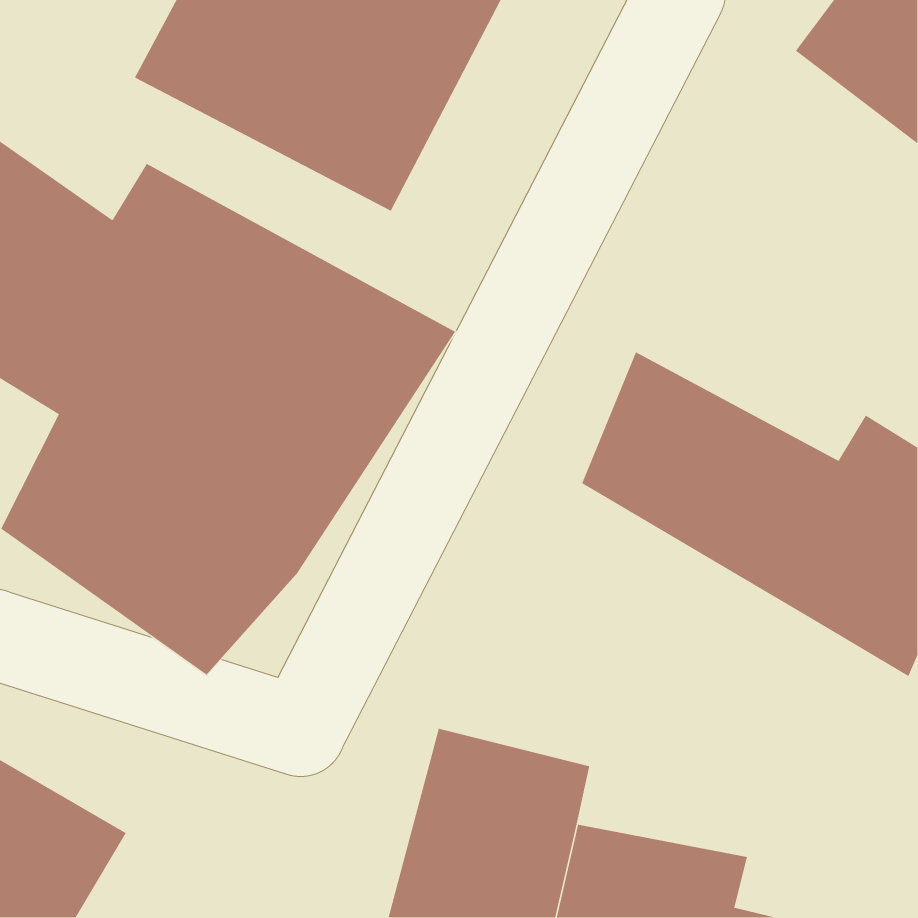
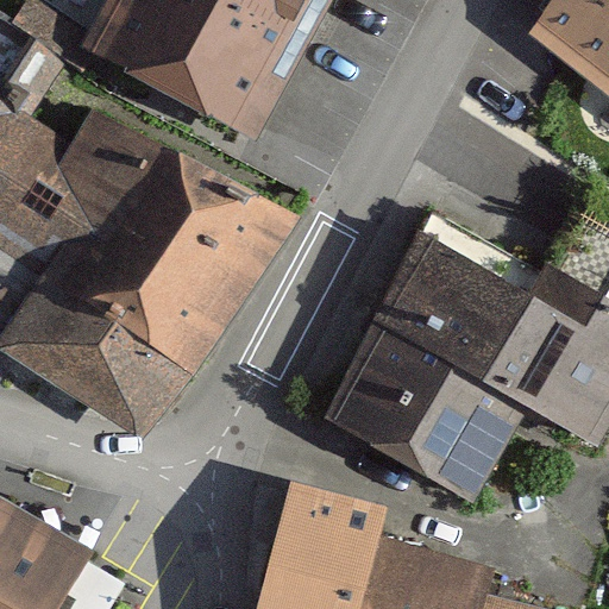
building: none -> [324,318,533,507]

